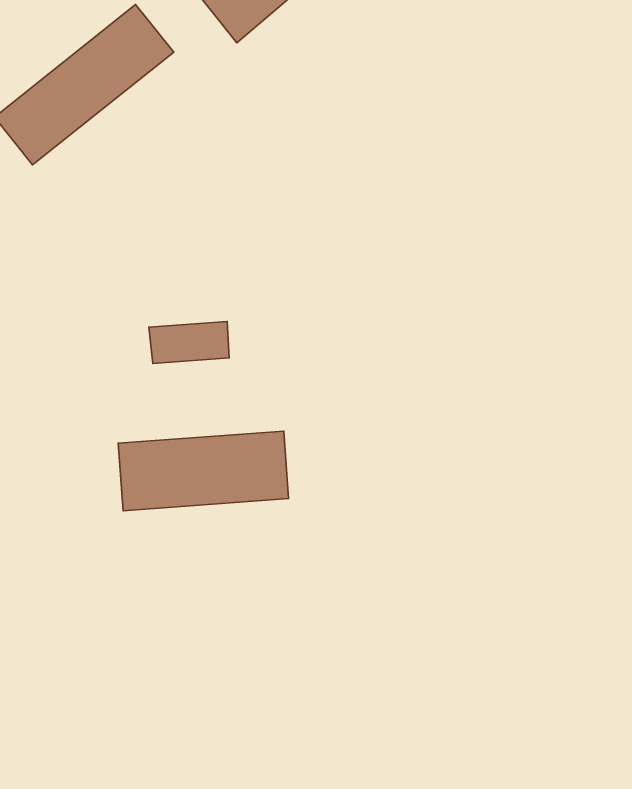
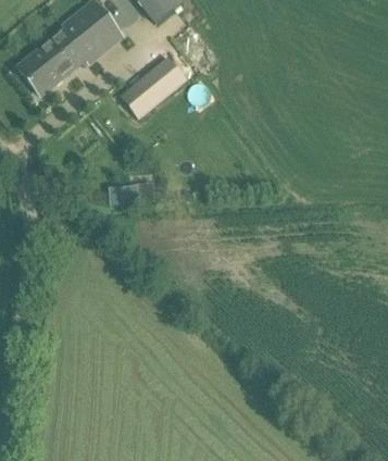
building: none -> [120,58,184,119]
building: [118,431,289,511] -> none

